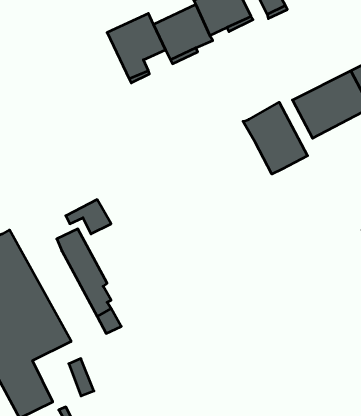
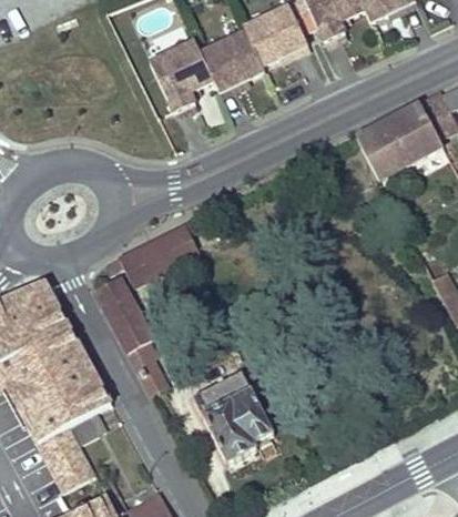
building: [243,102,308,174] -> none
building: none -> [141,224,197,272]
building: none -> [191,371,273,463]

